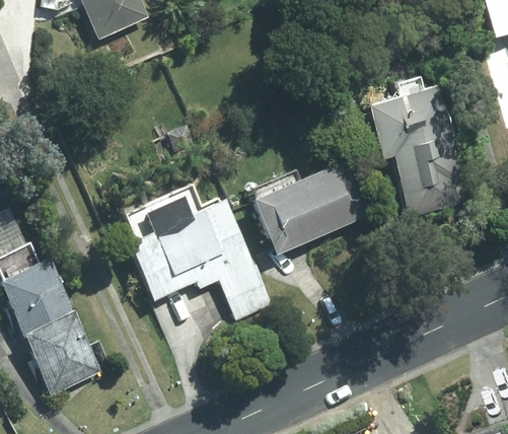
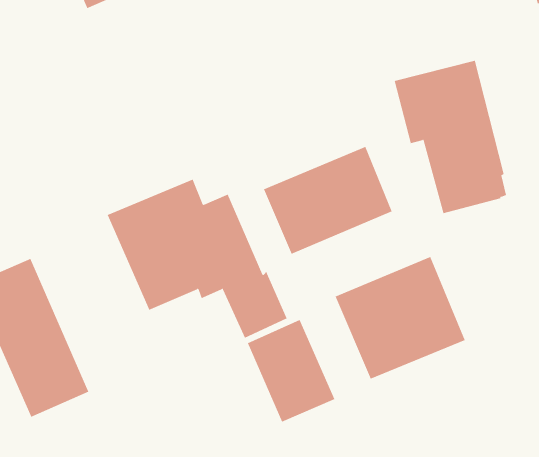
building: none -> [335,256,465,380]
building: none -> [247,319,335,422]

